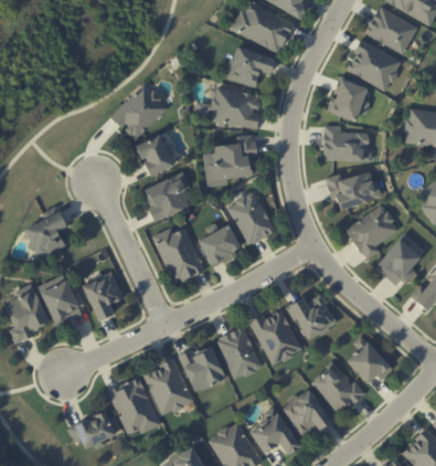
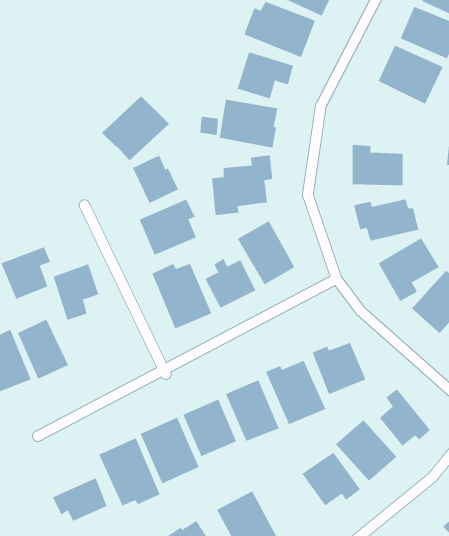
building: [328,78,371,121] -> none
building: [84,273,124,321] -> [53,264,99,320]
building: [249,406,301,455] -> none

